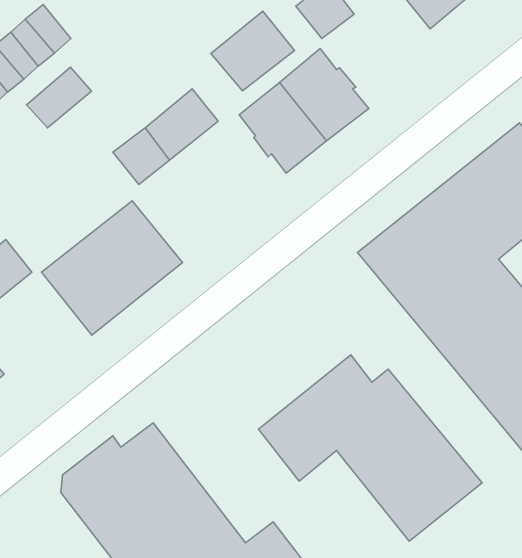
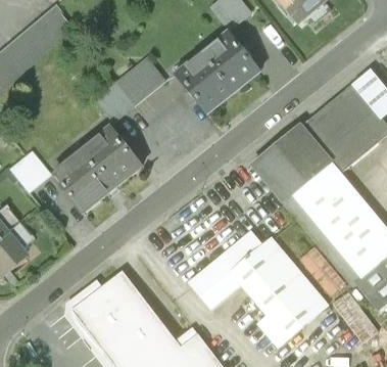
building: [211,11,295,91] -> none
building: [26,67,91,128] -> none

